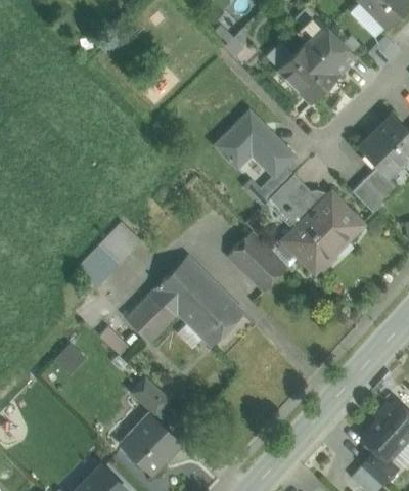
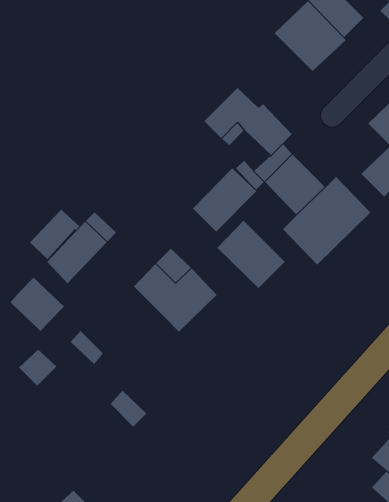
building: none -> [192,168,257,233]
building: none -> [29,209,80,260]
building: none -> [10,277,65,332]
building: [126,289,182,342] -> none
building: [194,297,244,346] -> none
building: [123,415,179,472] -> none

